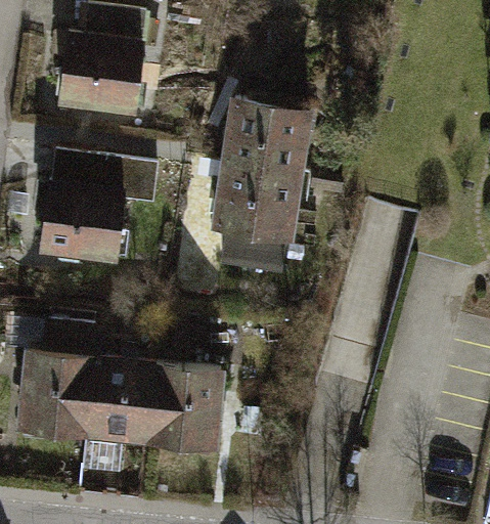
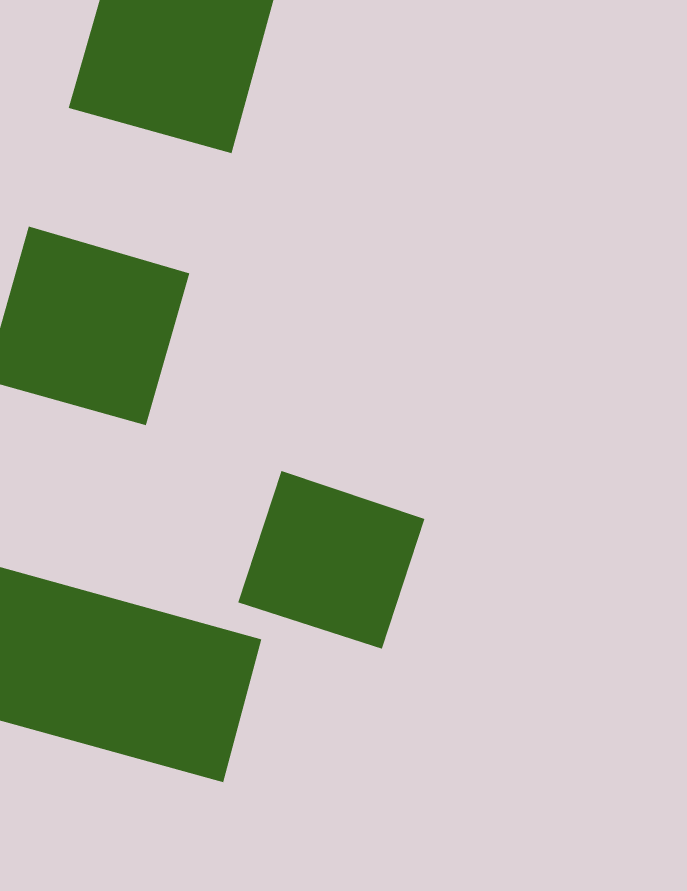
building: [211,93,306,265] -> none
building: none -> [237,470,425,650]

